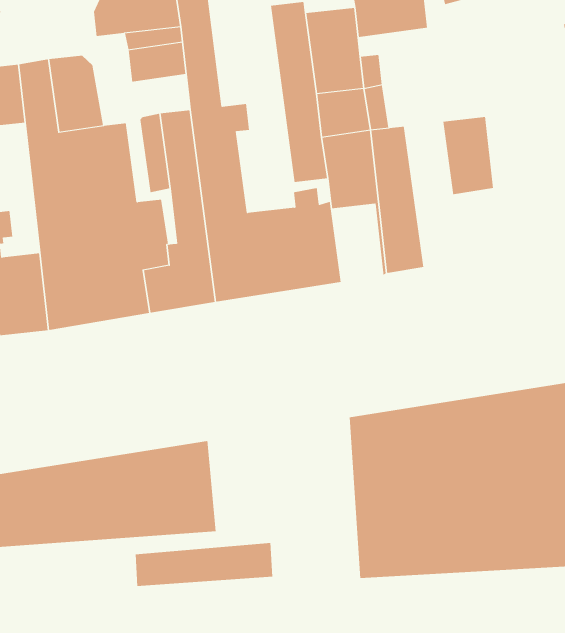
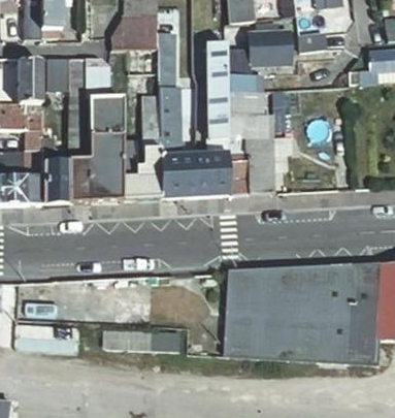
building: [442,116,494,195] -> [228,155,252,195]

